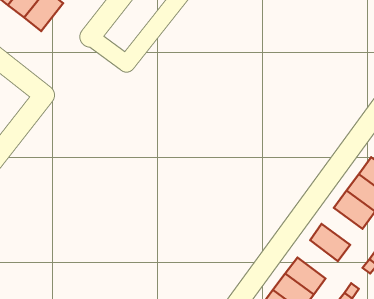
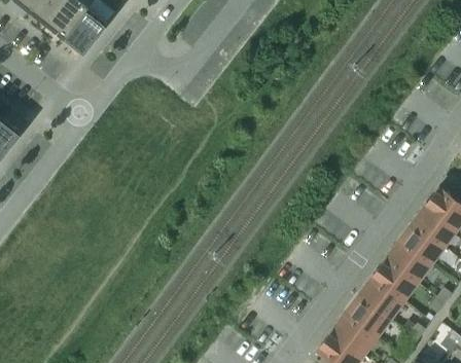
building: none -> [384,243,428,283]
building: none -> [358,278,401,319]

